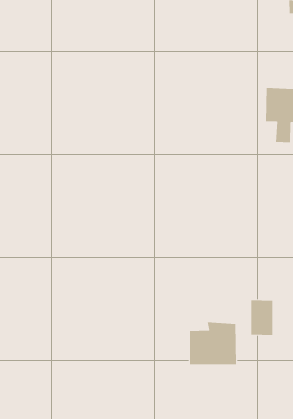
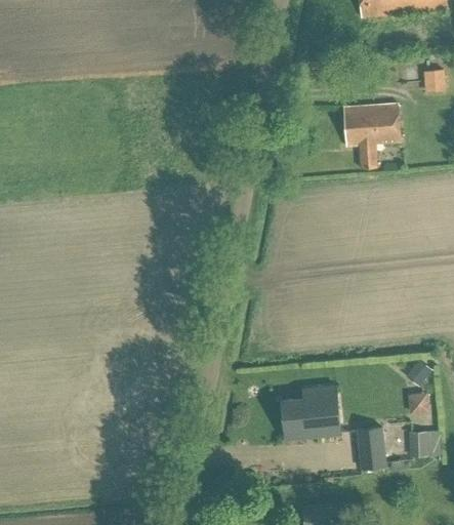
building: [250,300,273,335] -> [358,428,388,471]

